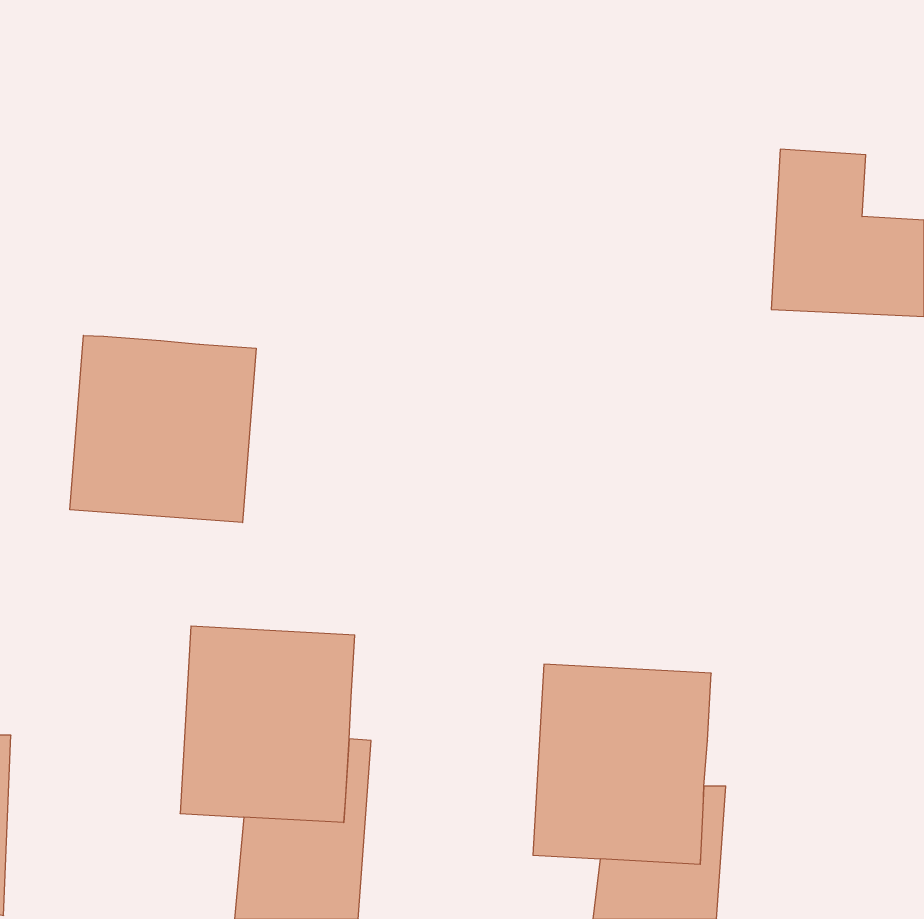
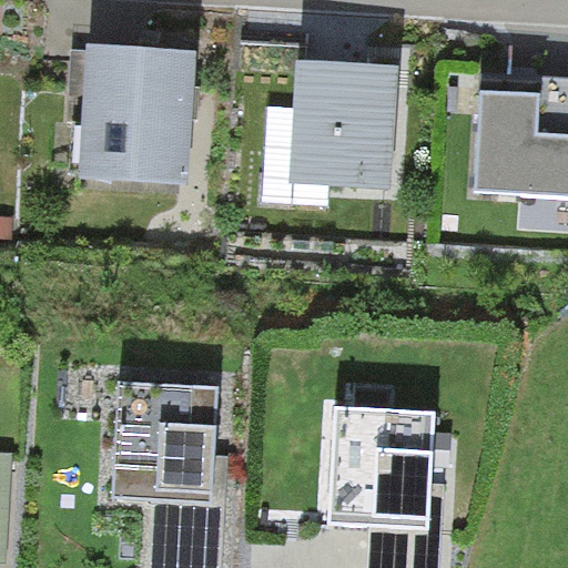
building: none -> [83,50,184,171]
building: none -> [295,69,390,176]
building: [70,335,256,523] -> none

